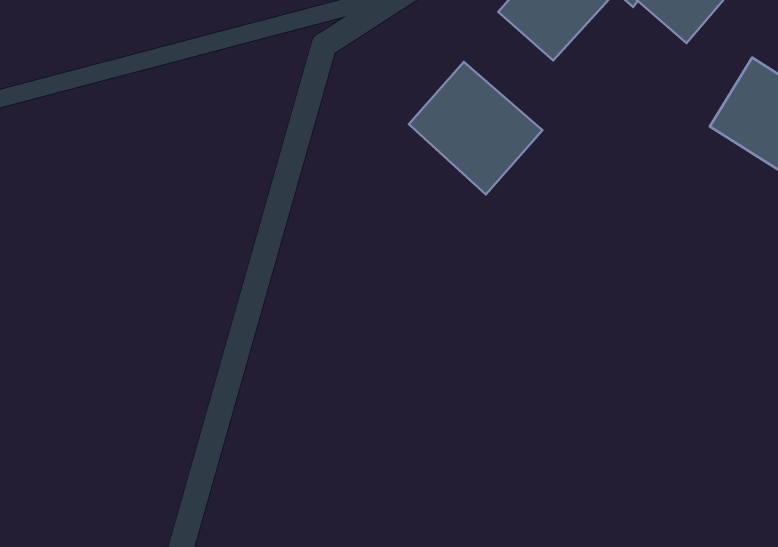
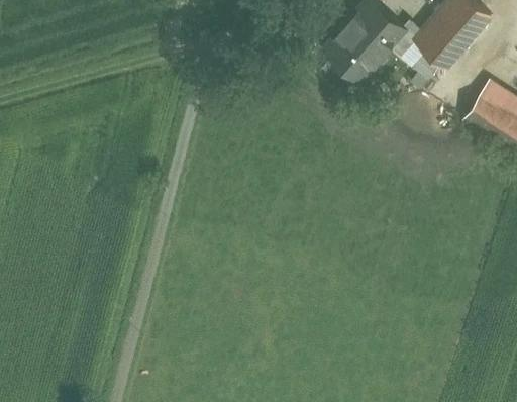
building: [409,62,542,195] -> none

